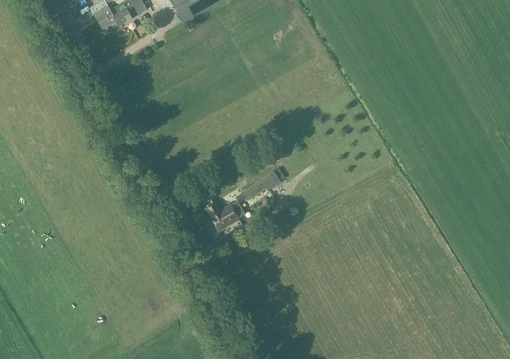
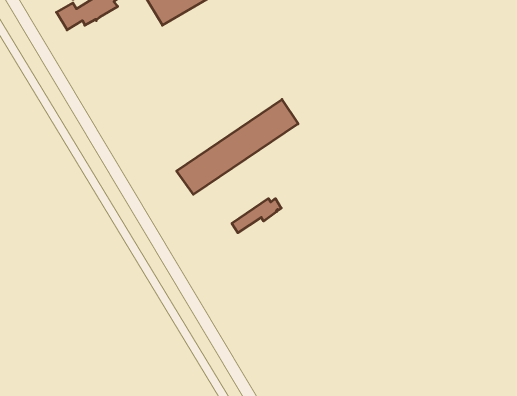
building: none -> [177,99,298,194]
building: [205,198,244,231] -> none

